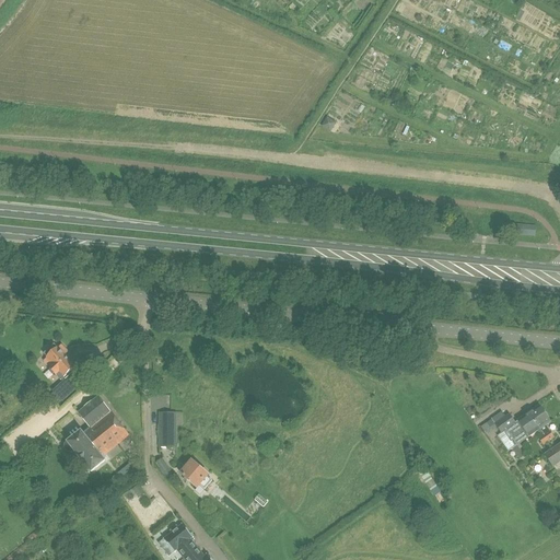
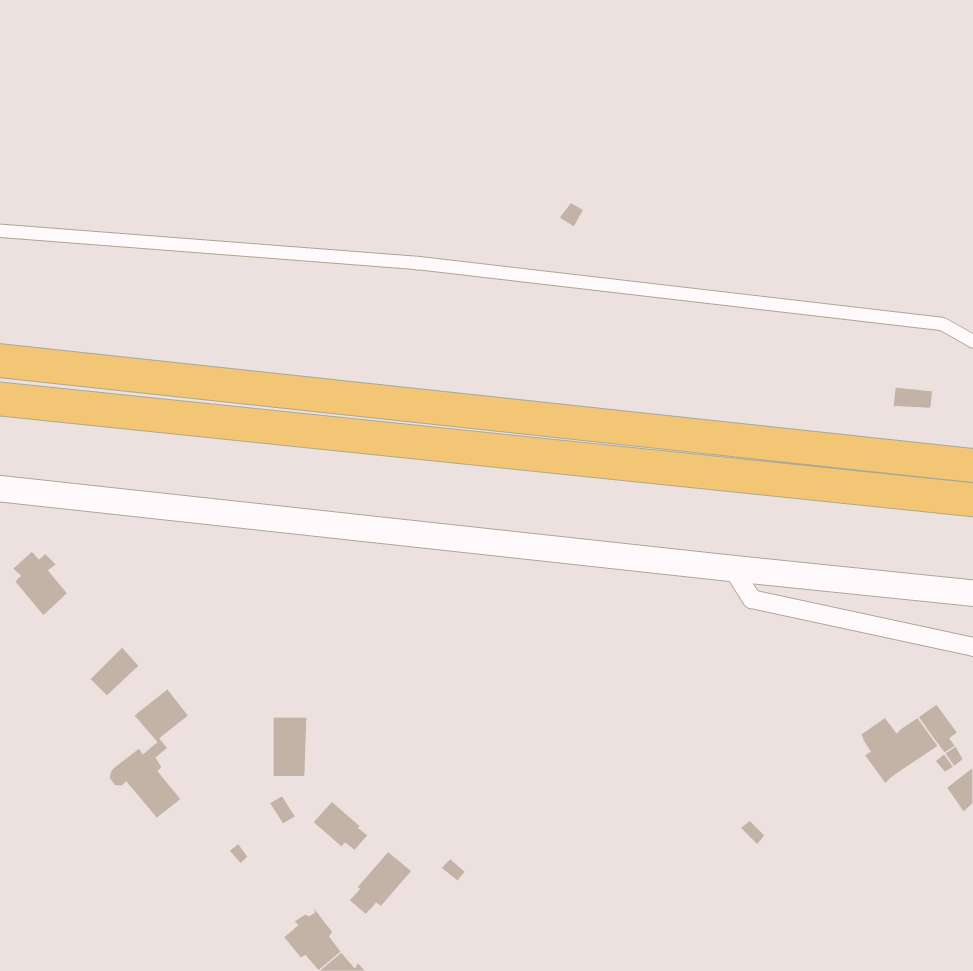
building: [42,341,73,378] -> [13,551,68,616]
building: [90,410,127,454] -> none
building: none -> [349,851,412,915]

